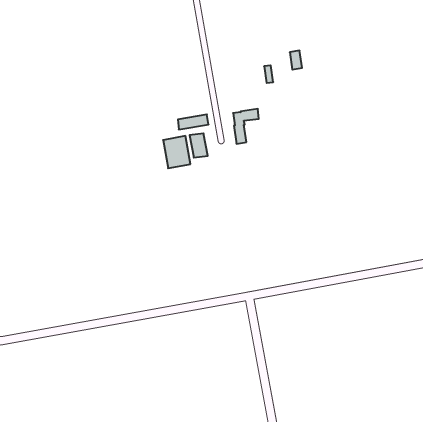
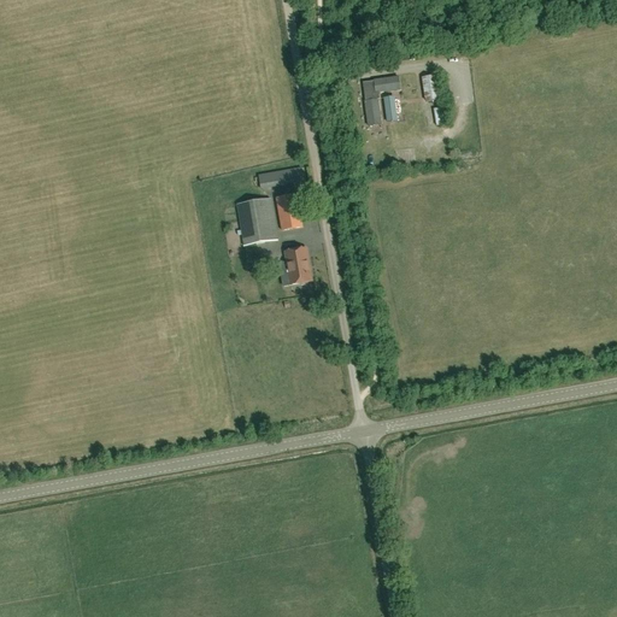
building: [233,109,259,144] -> [363,75,400,125]
building: none -> [284,247,311,284]

